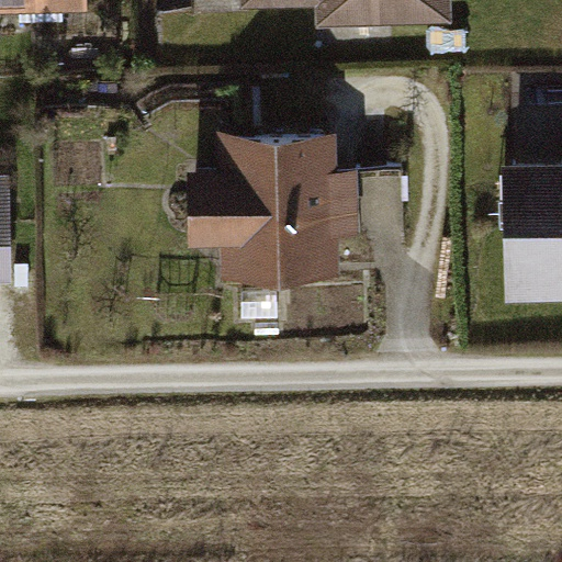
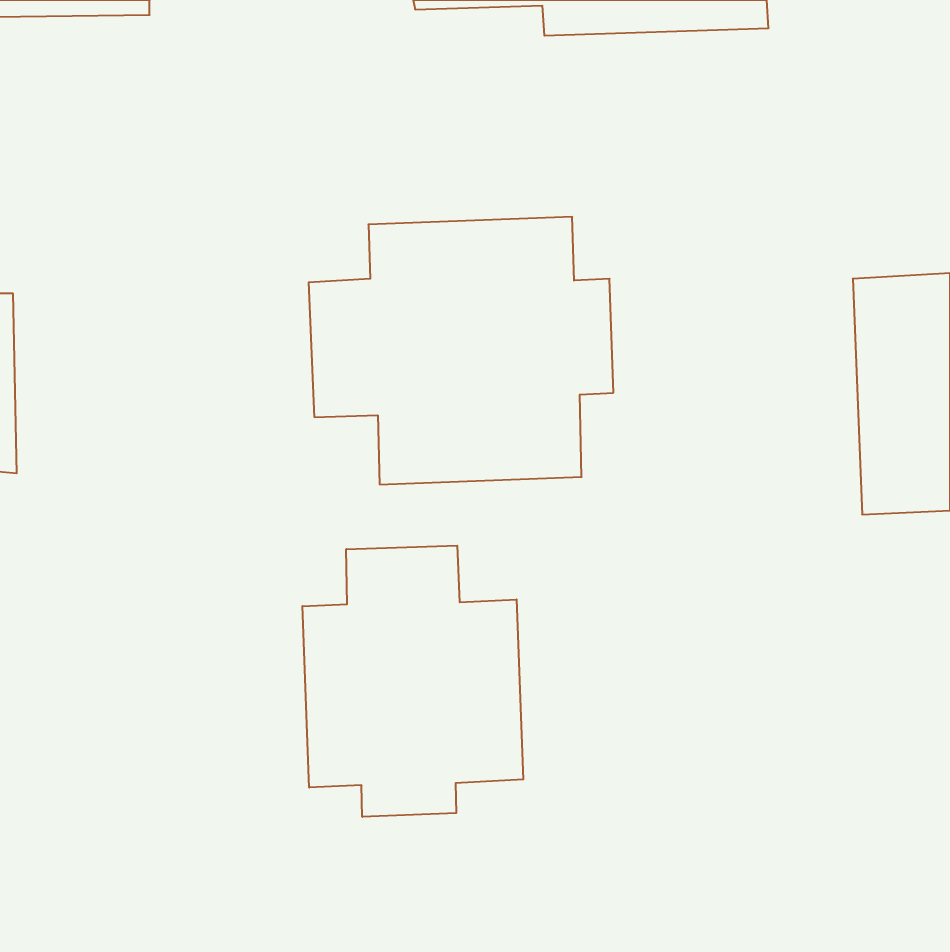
building: none -> [302,546,523,817]

